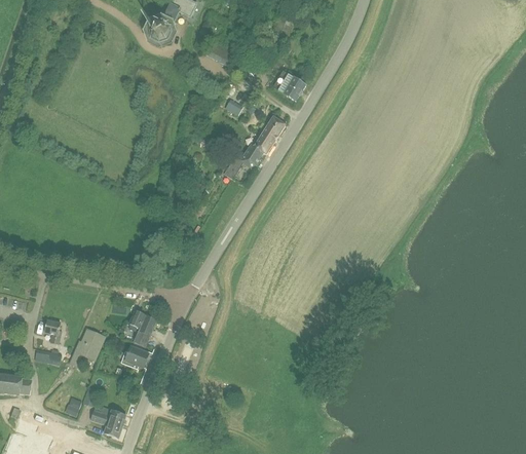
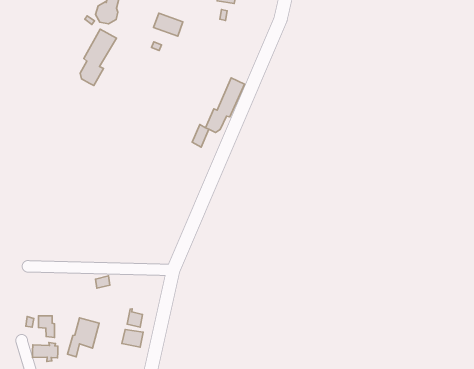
building: none -> [80,29,117,86]
building: [271,70,305,101] -> none
building: [129,310,156,335] -> none

